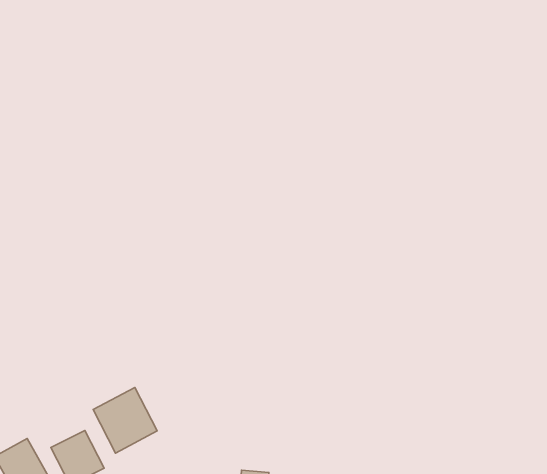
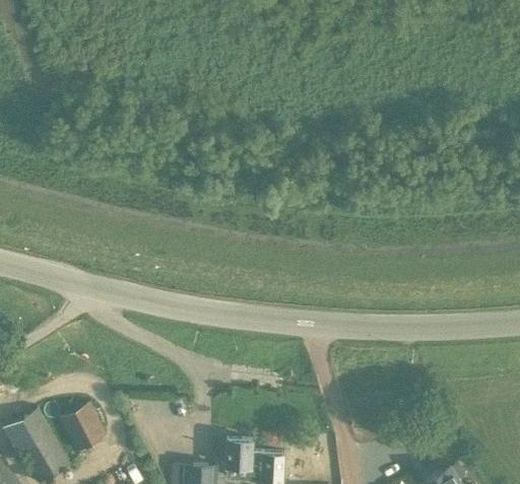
building: [93,387,157,453] -> none

